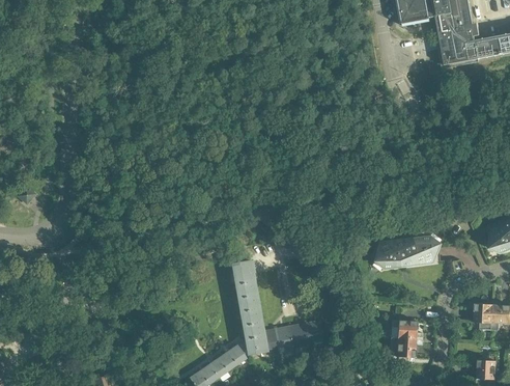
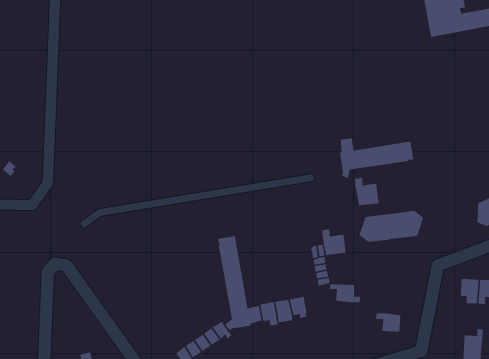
building: none -> [339,138,414,179]
building: none -> [354,177,379,206]
building: none -> [321,228,346,256]
building: [390,320,422,339] -> [329,283,361,303]

